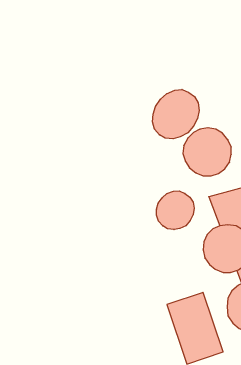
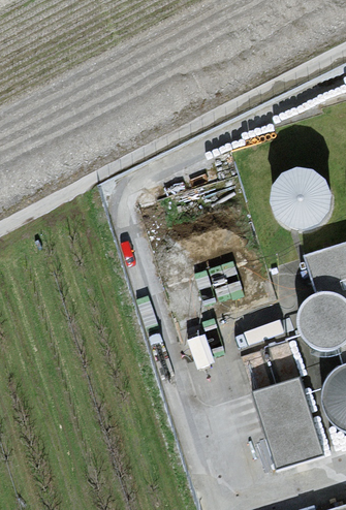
building: [152,89,199,139] -> none
building: [156,191,194,230] -> none

